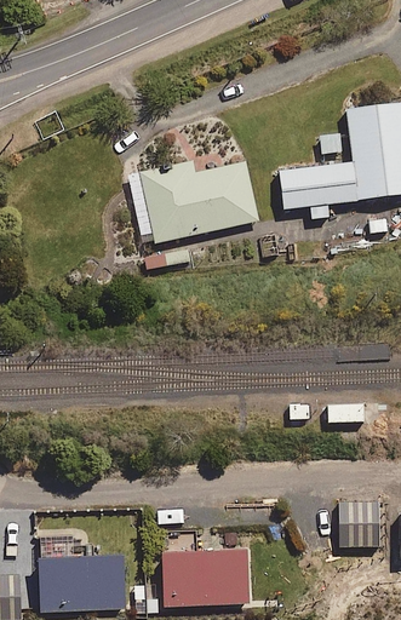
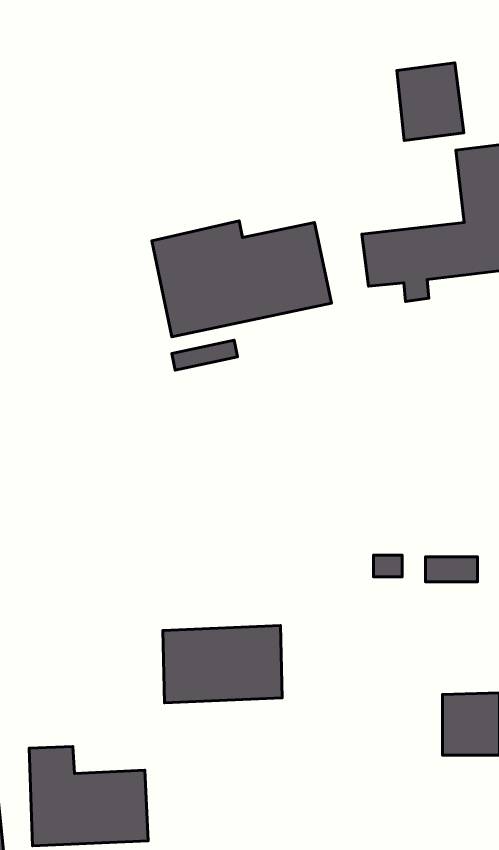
building: none -> [397,63,464,141]
building: [162,551,248,607] -> [163,626,282,703]

